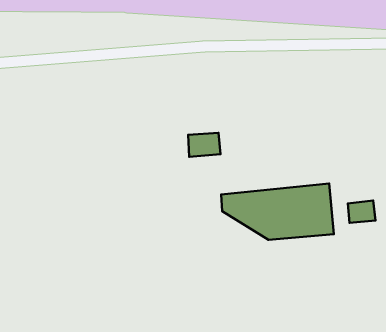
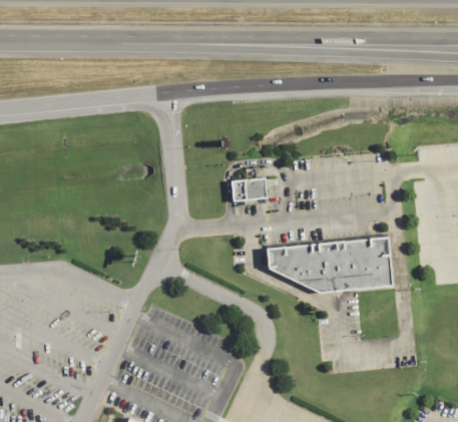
building: [348,201,376,223] -> none

